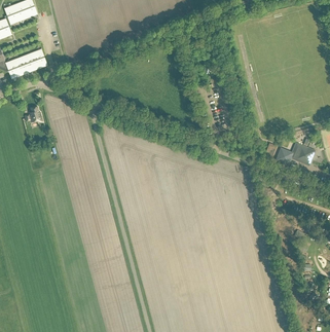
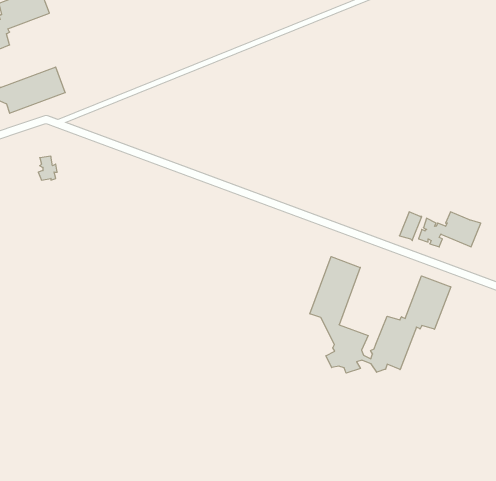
building: none -> [310,257,451,373]

